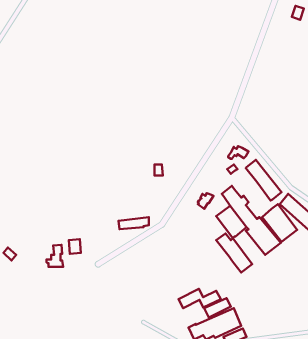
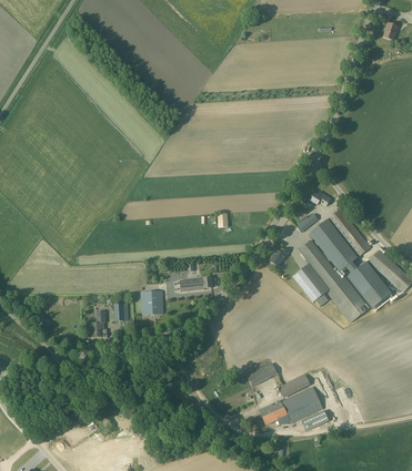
building: none -> [141,290,163,315]
building: [216,234,252,272] -> [310,224,353,270]

